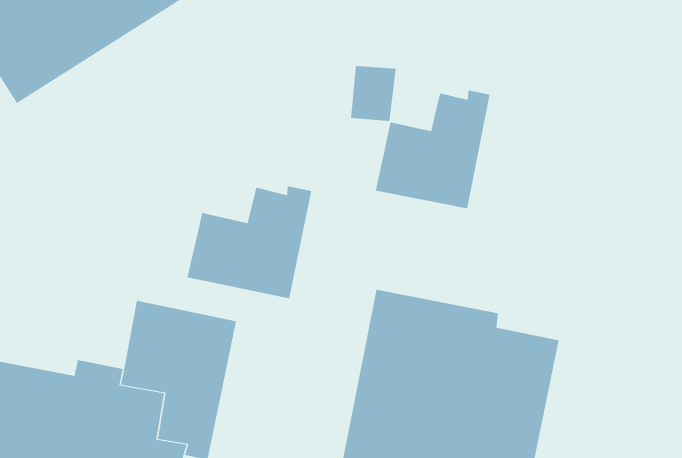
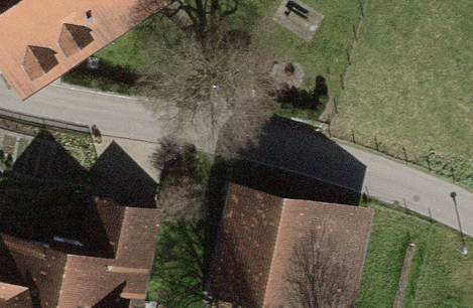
building: [375,90,490,209] -> none
building: [187,185,312,299] -> none

